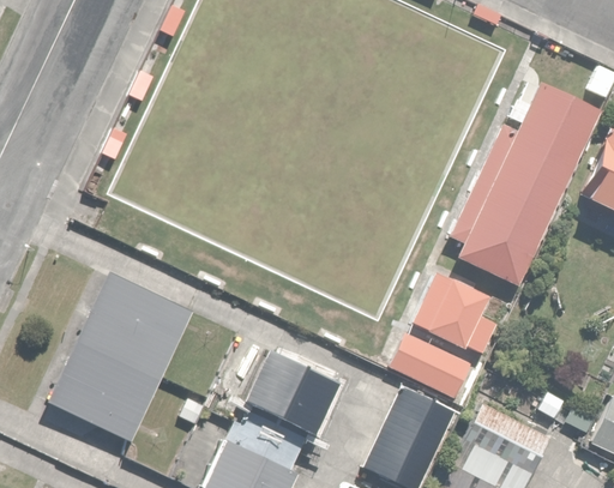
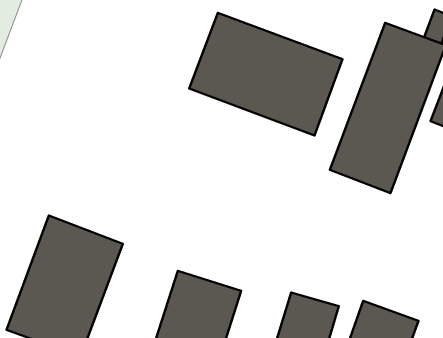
building: none -> [189,13,342,136]
building: [387,270,510,404] -> none

